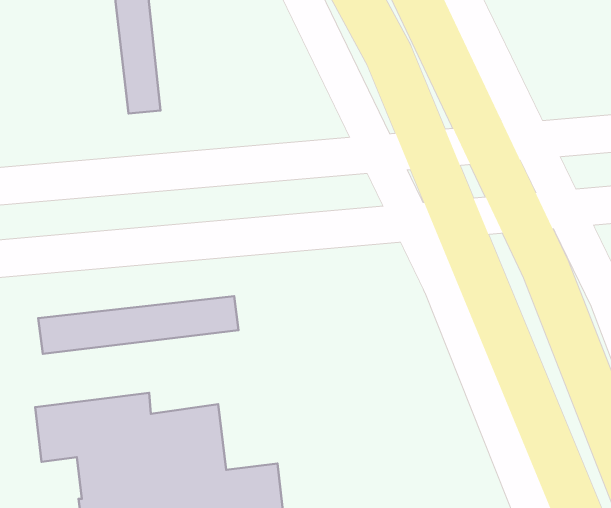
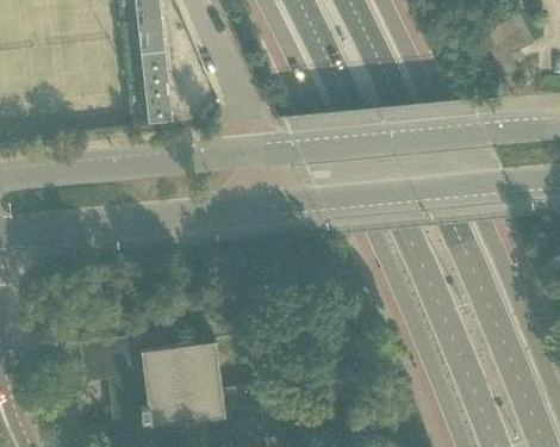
building: [38,296,239,354] -> none

